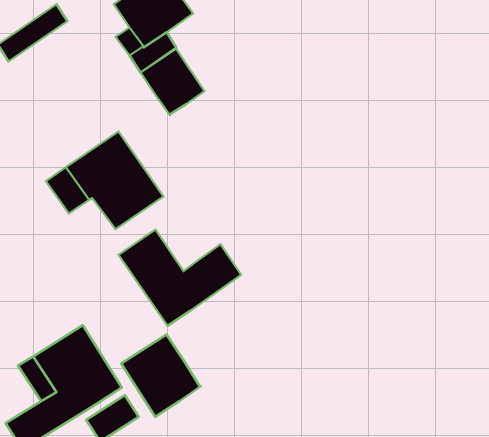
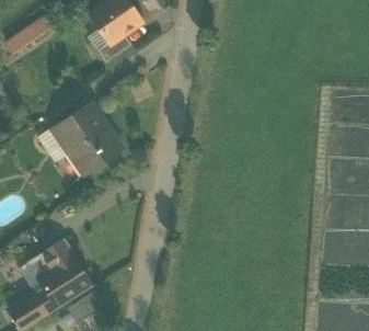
building: [140,49,204,115] -> none
building: [119,229,241,326] -> none
building: [121,335,201,417] -> none

